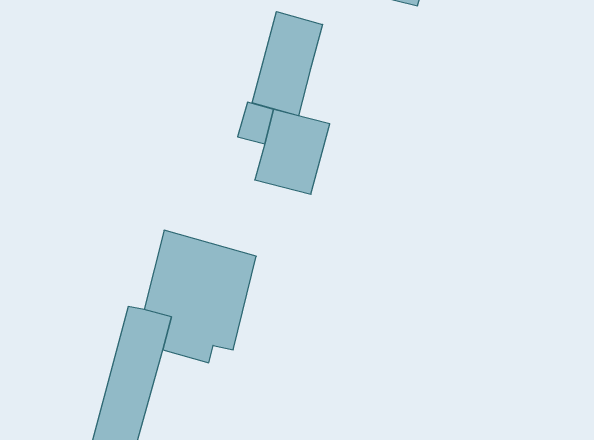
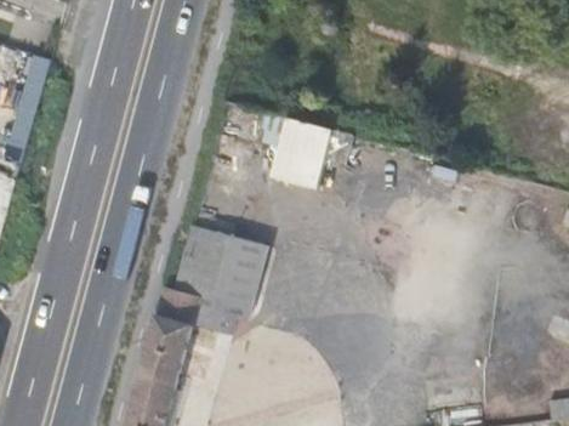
building: [252,12,323,116] -> none

